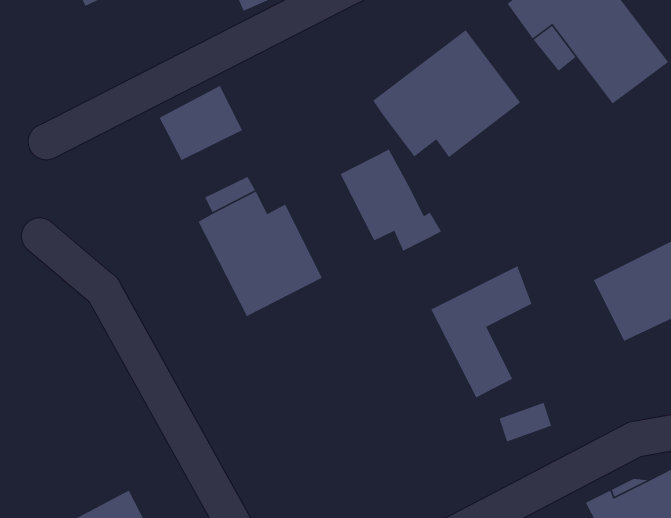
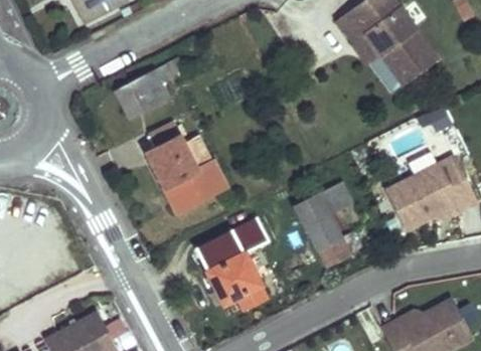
building: [372,29,521,158] -> none
building: [339,148,442,252] -> none
building: none -> [198,215,272,298]

